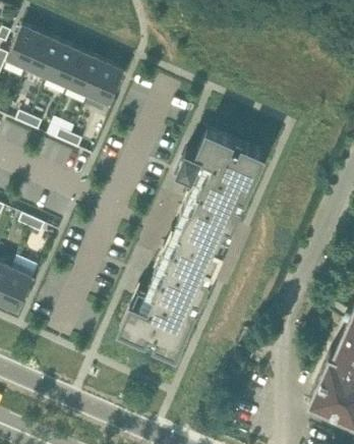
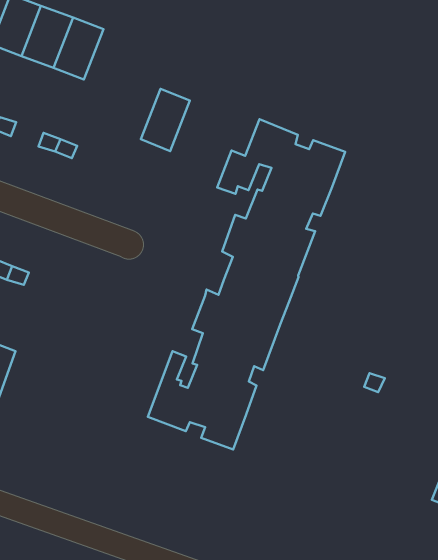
building: [90,62,124,105] -> [141,89,190,151]

